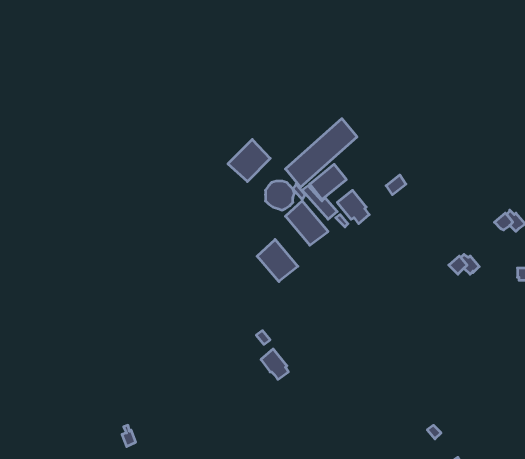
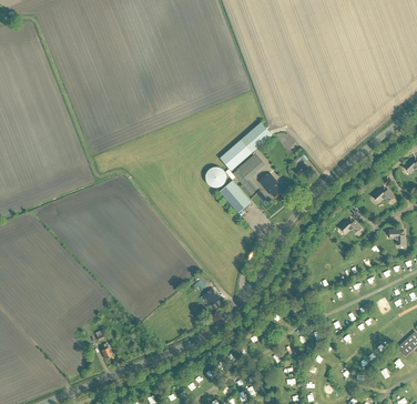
building: [228,139,270,182] -> none
building: [257,239,298,282] -> none

